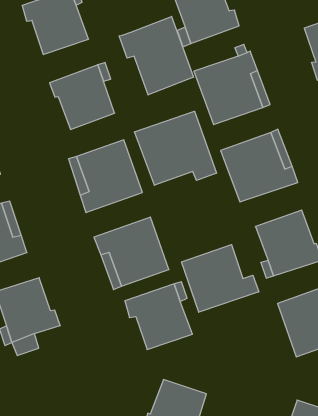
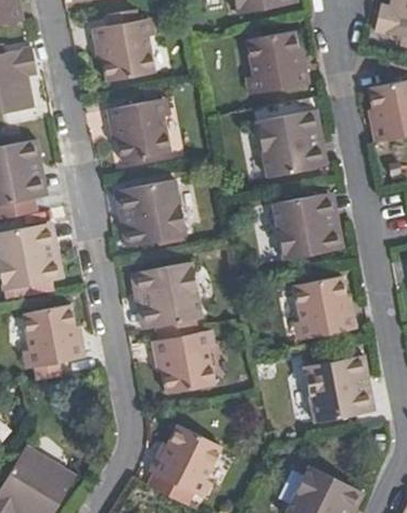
building: [119,16,194,95] -> none
building: [135,111,216,185] -> none
building: [181,245,259,312] -> none

